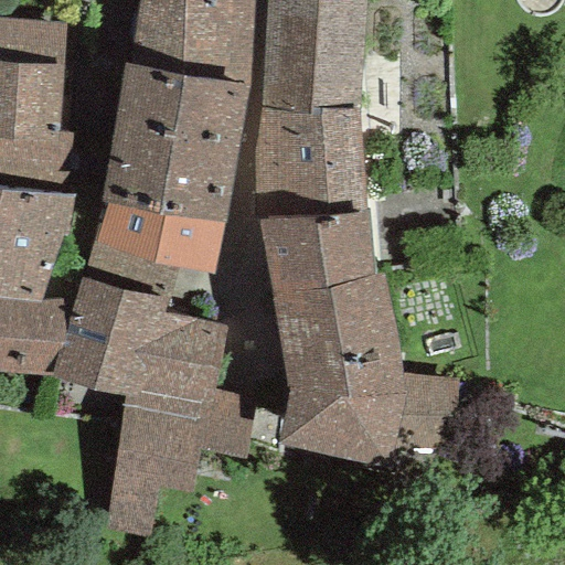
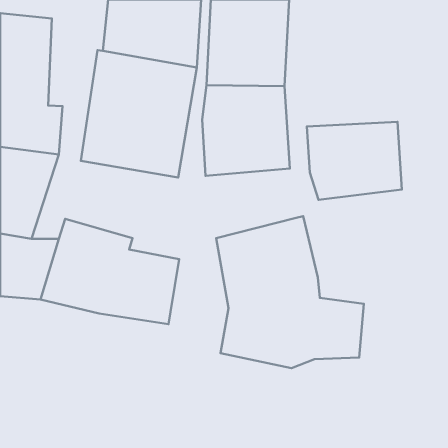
building: none -> [307,122,402,200]
building: [83,202,225,299] -> none
building: [259,212,373,299] -> none
building: [106,392,255,536] -> none

